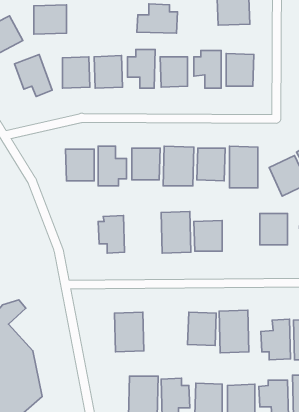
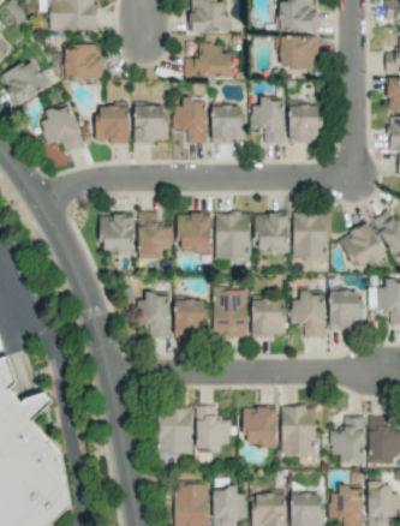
building: none -> [291,292,324,337]
building: none -> [174,298,207,337]
building: none -> [196,405,231,452]

